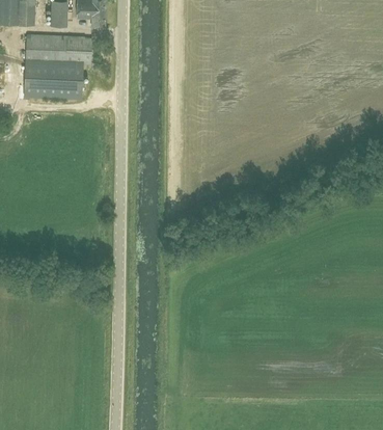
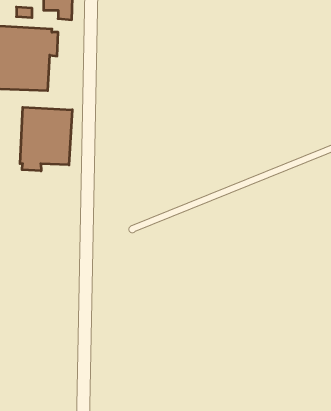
building: none -> [20,107,72,171]

